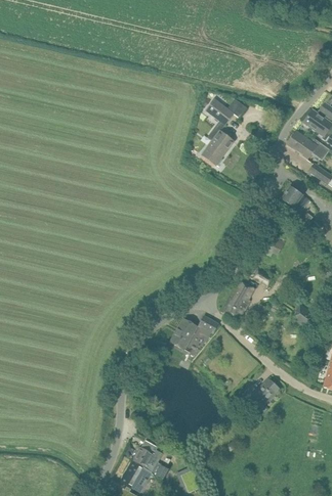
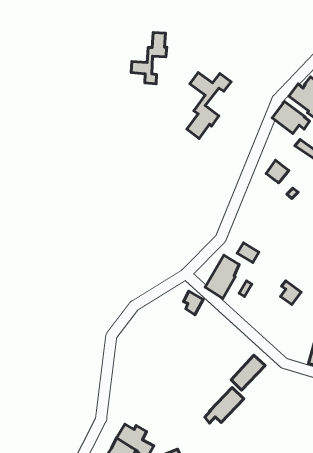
building: none -> [131,33,167,84]
building: [170,319,196,349] -> none
building: none -> [205,388,244,423]

